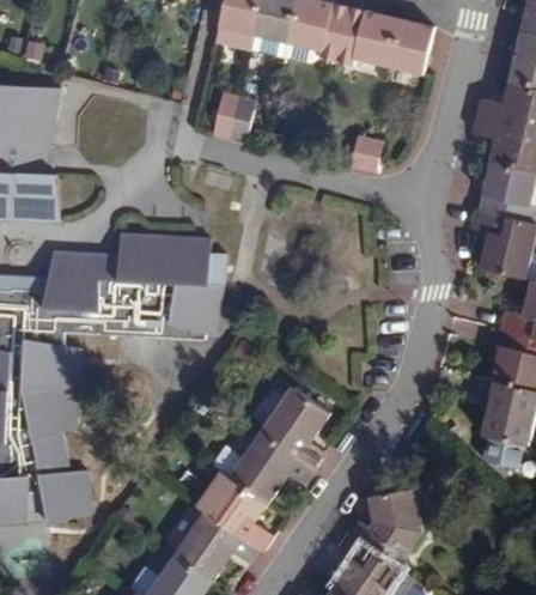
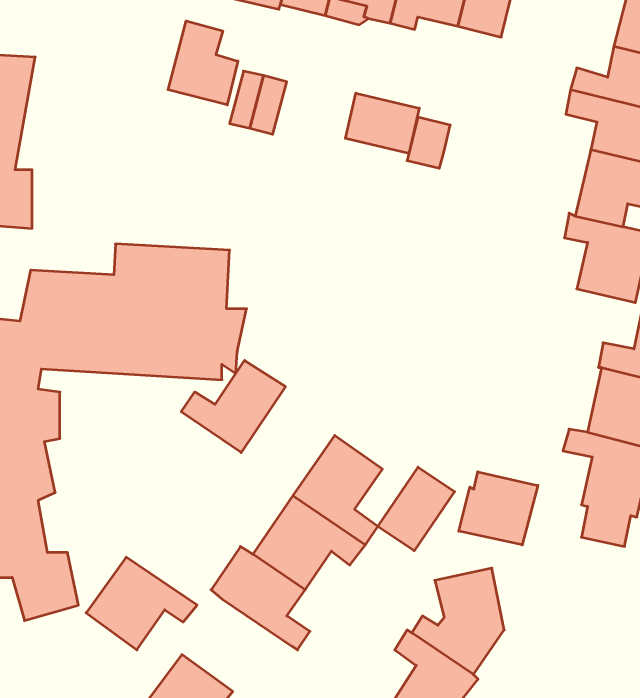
building: none -> [168,21,238,105]
building: none -> [345,93,419,154]
building: none -> [181,360,285,453]
building: none -> [378,467,455,551]
building: none -> [459,472,538,545]
building: [173,508,260,579] -> [86,557,197,650]

